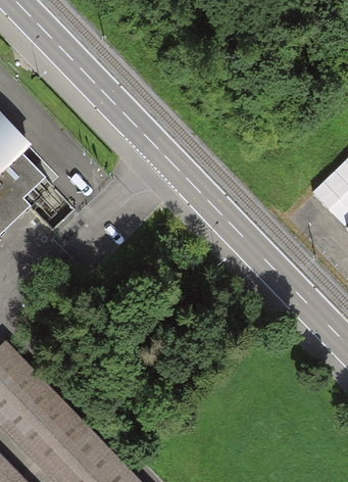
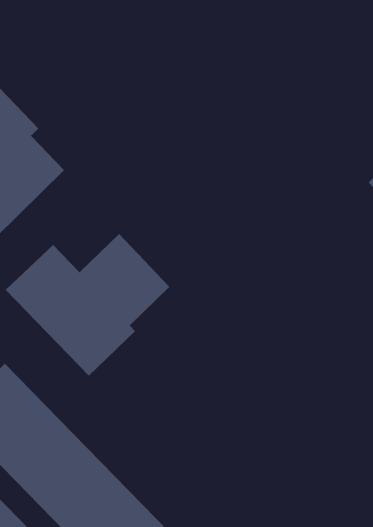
building: none -> [5,233,170,377]

